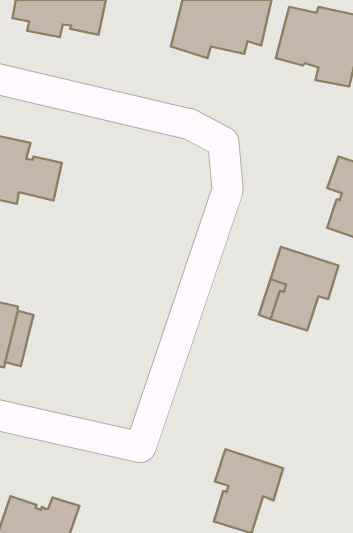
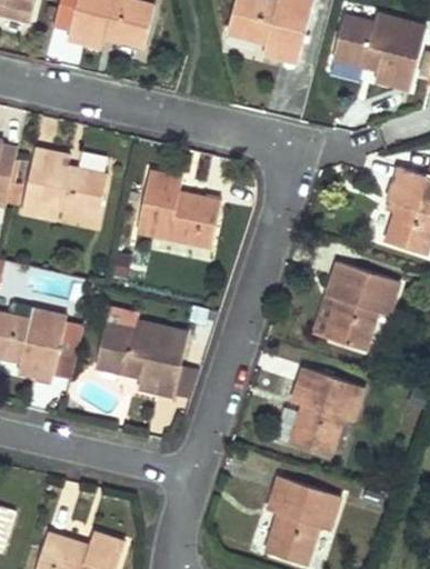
building: none -> [139,171,222,247]
building: none -> [94,319,183,392]
building: none -> [289,368,362,458]

